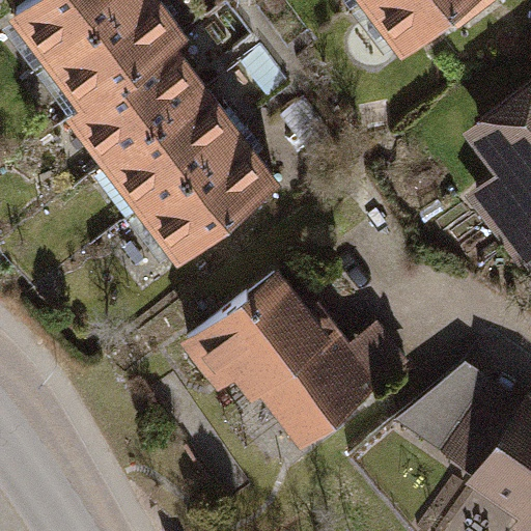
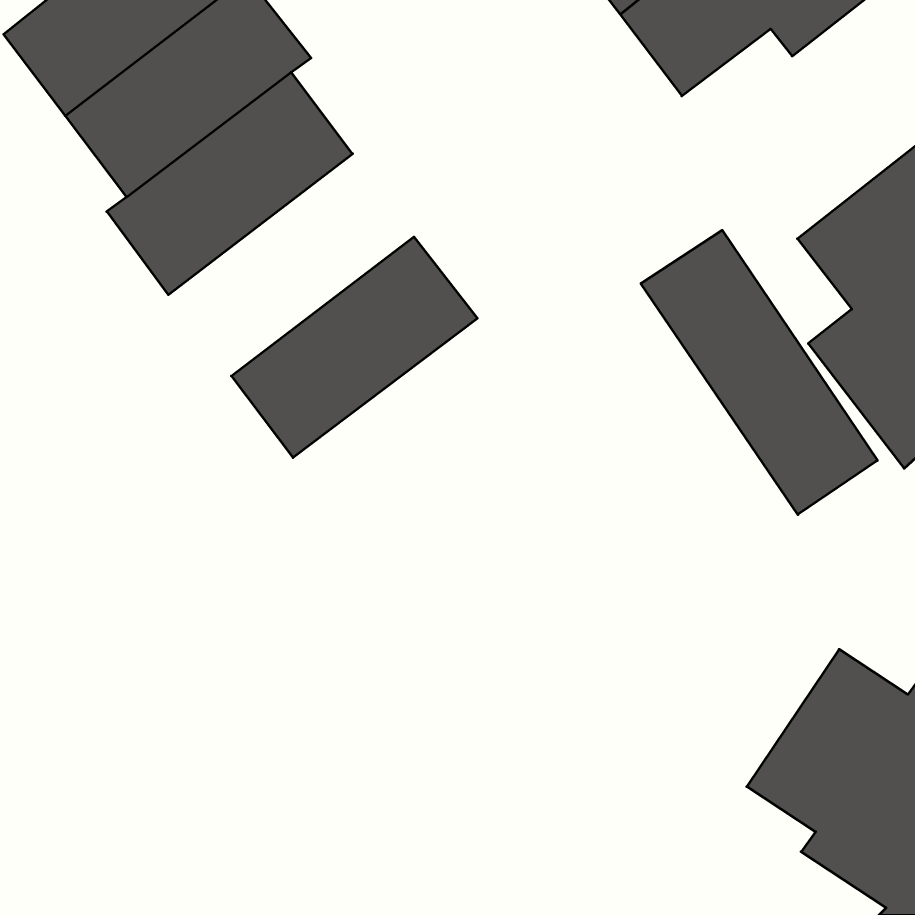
building: [102,88,243,216] -> none
building: none -> [641,230,877,515]
building: [179,272,410,450] -> none

